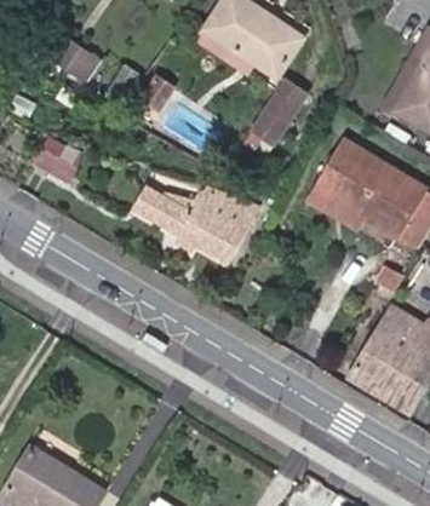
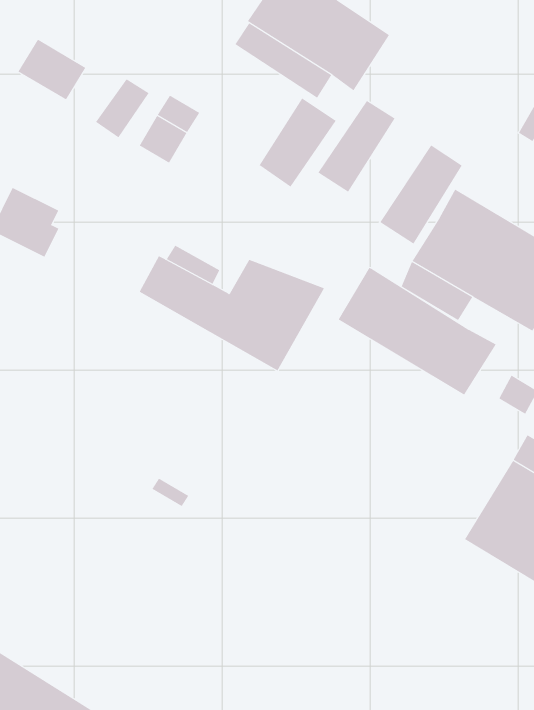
building: none -> [259,98,336,187]
building: none -> [379,144,462,245]
building: none -> [338,267,497,395]

